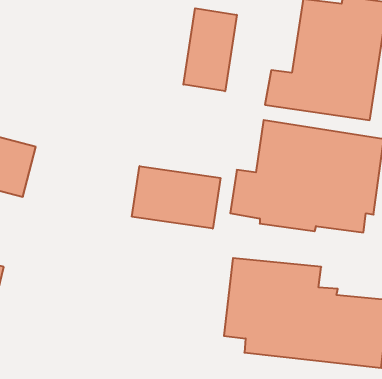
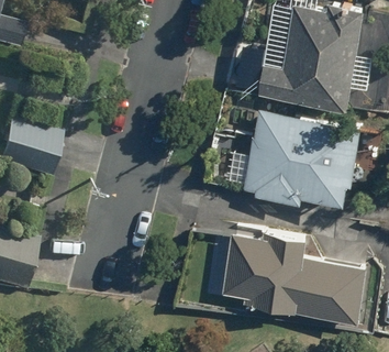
building: [183,8,237,91] -> none
building: [132,166,220,229] -> none

